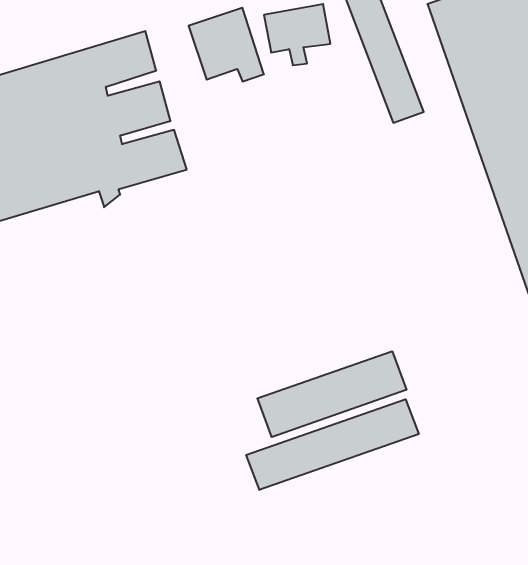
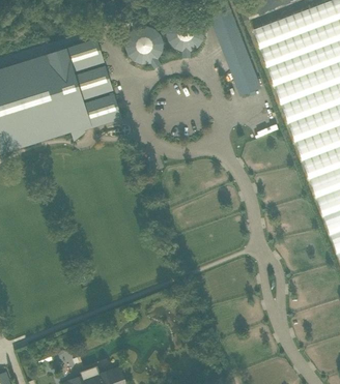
building: [257,351,406,437] -> none
building: [246,399,419,490] -> none

